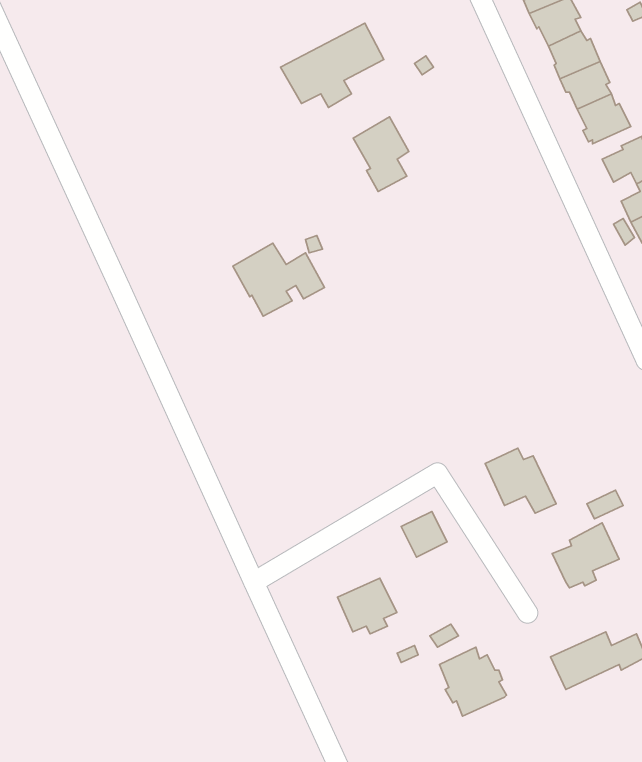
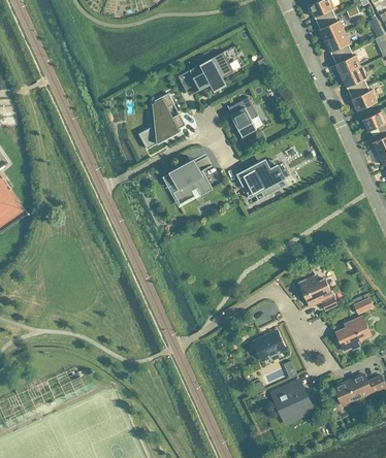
building: none -> [140,92,186,148]
building: none -> [245,162,285,196]
building: [338,578,397,634] -> [254,330,286,360]

